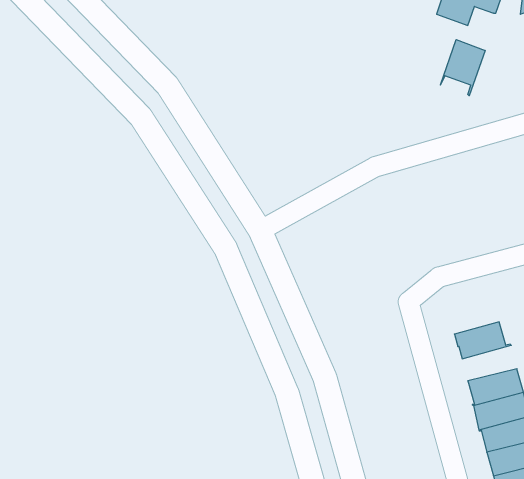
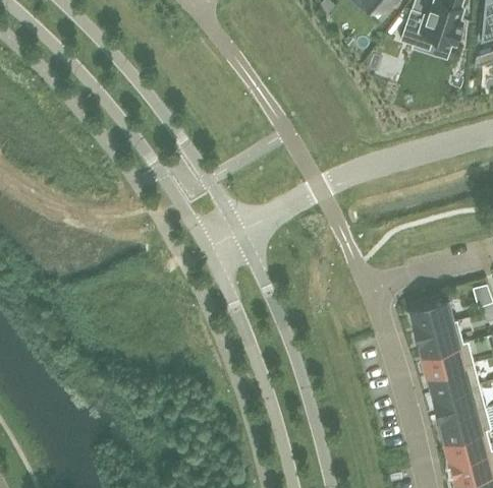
building: [440,40,485,96] -> none
building: none -> [410,302,456,334]
building: none -> [423,345,473,377]

